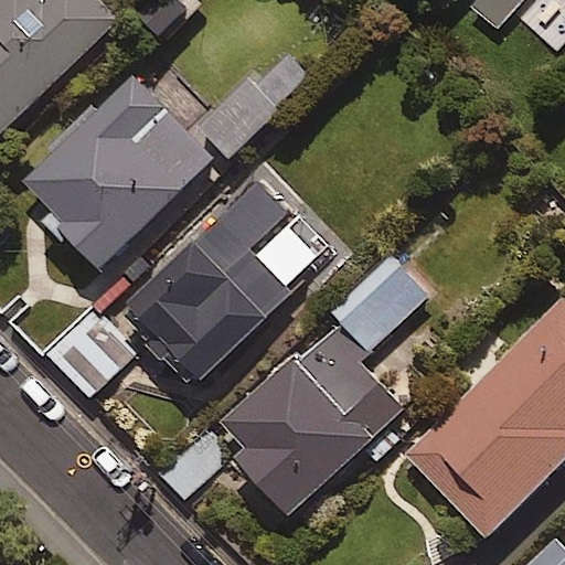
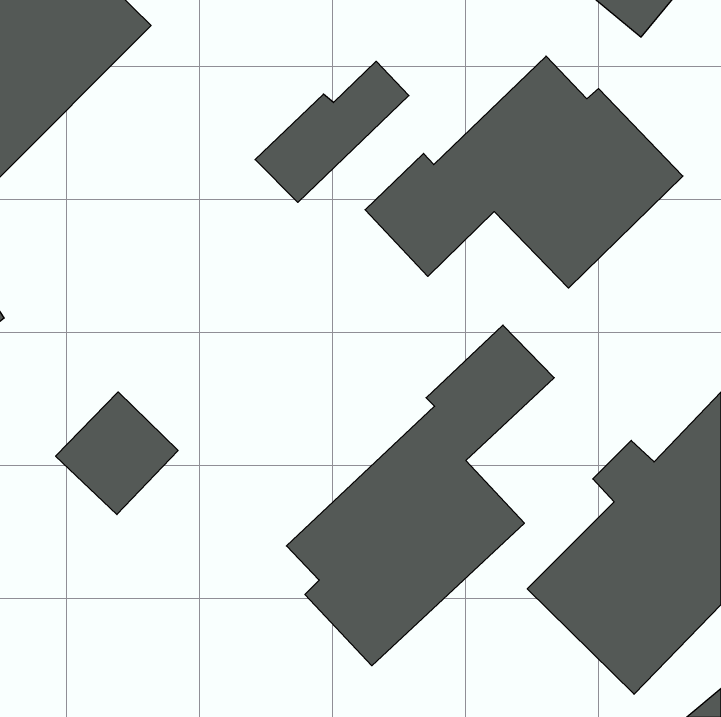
building: none -> [365,56,683,288]
building: [18,75,214,271] -> none
building: [120,179,294,390] -> none

